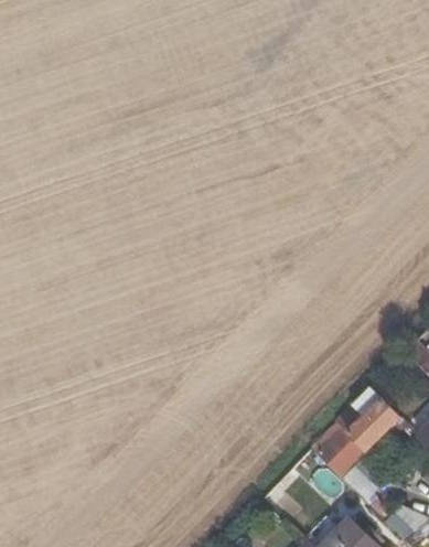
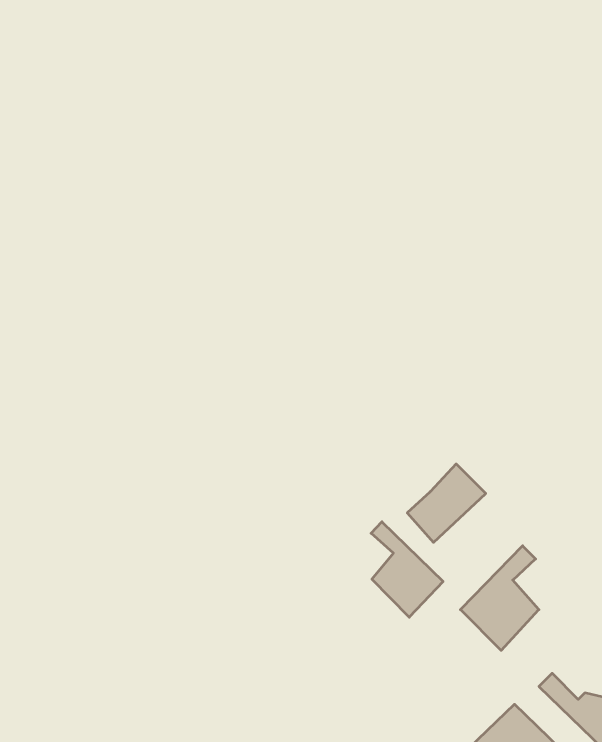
building: none -> [371,522,443,617]
building: [347,398,400,451] -> [407,464,486,542]

